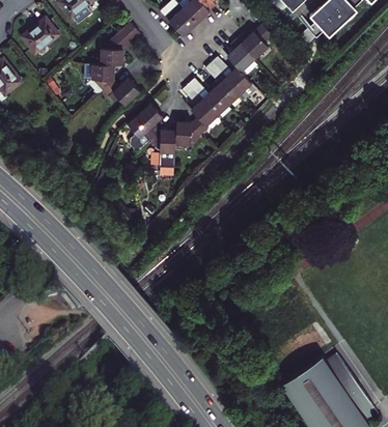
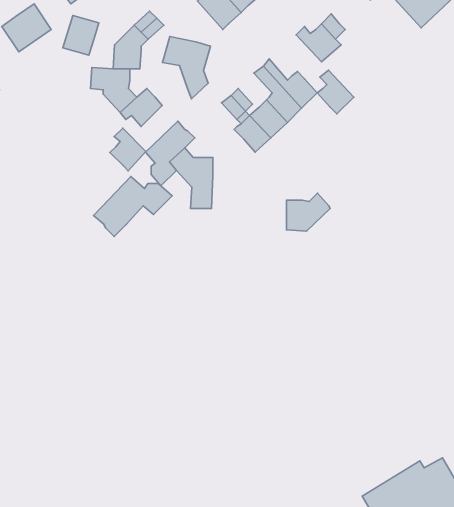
building: none -> [63,16,99,55]
building: [227,42,254,75] -> [317,70,354,114]
building: none -> [162,36,210,99]
building: none -> [110,128,146,171]
building: [174,119,206,147] -> [287,193,330,231]
building: none -> [93,176,172,236]

